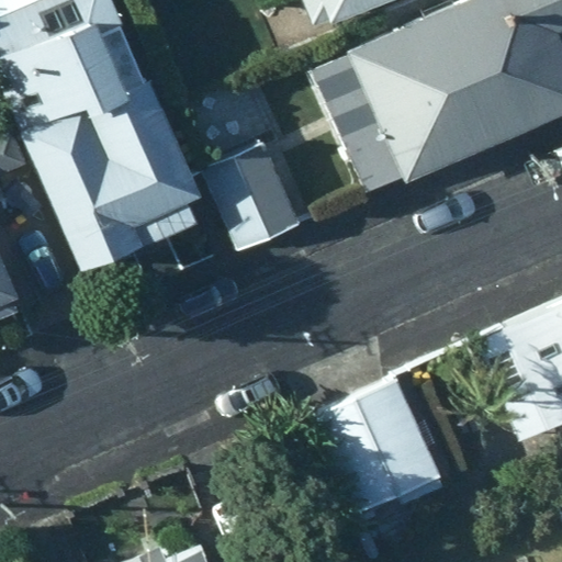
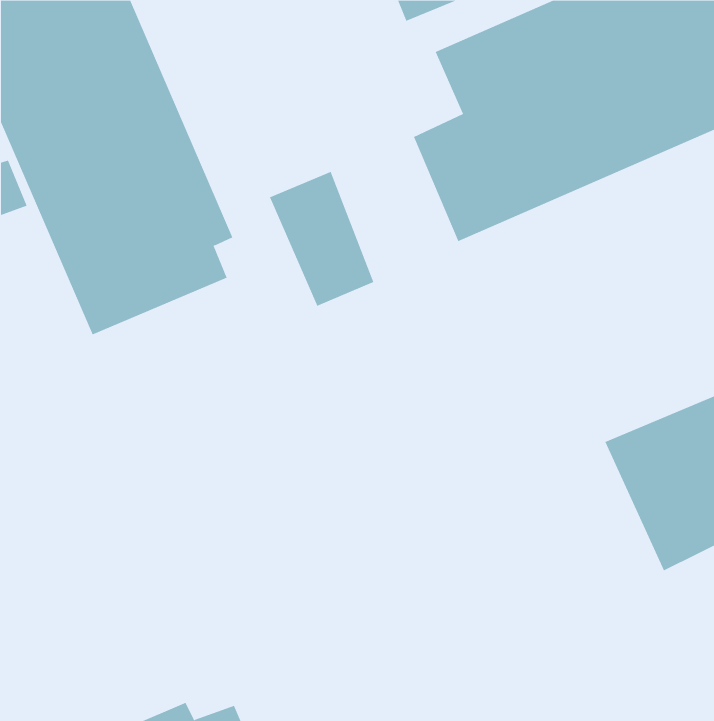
building: [319,386,447,527] -> none

